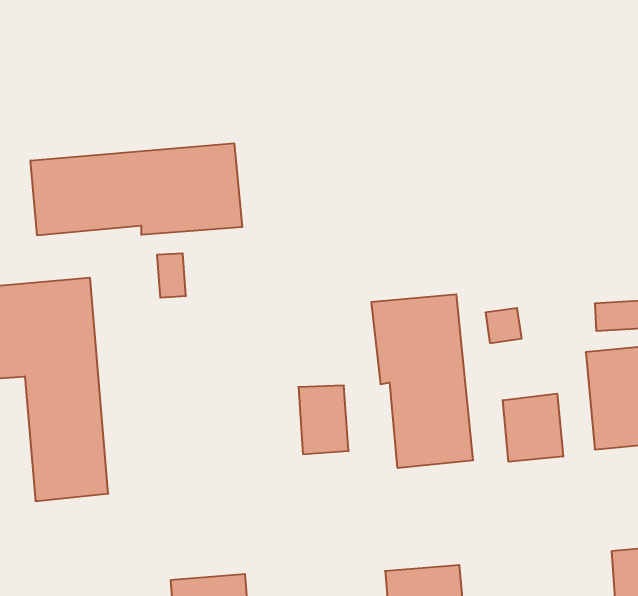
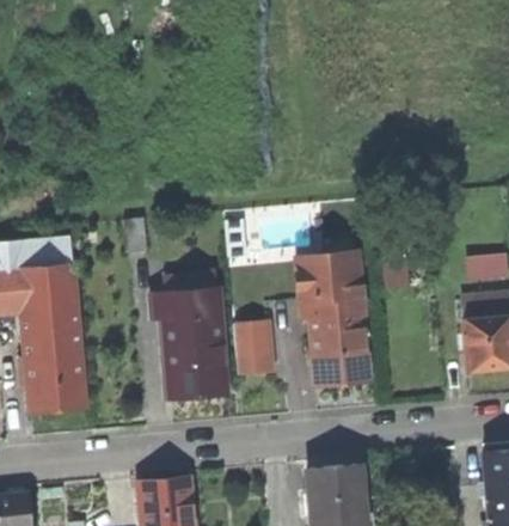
building: [31,143,242,235] -> none
building: none -> [148,273,228,400]
building: [503,394,563,462] -> none

